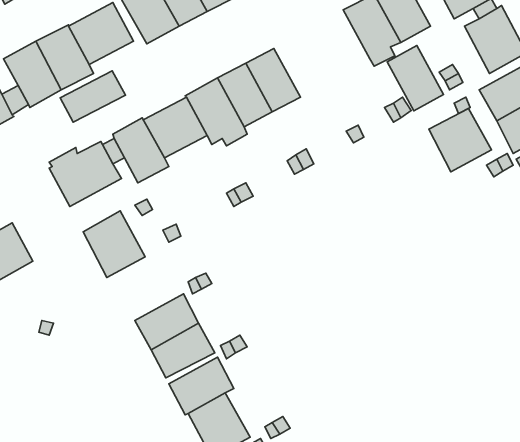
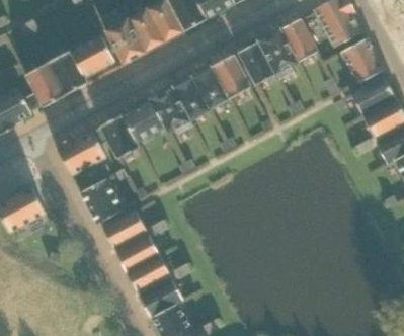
building: none -> [211,54,251,99]
building: [387,46,443,111] -> [238,39,276,84]
building: [60,71,125,122] -> none
building: [429,108,491,172] -> none
building: none -> [102,209,147,248]

